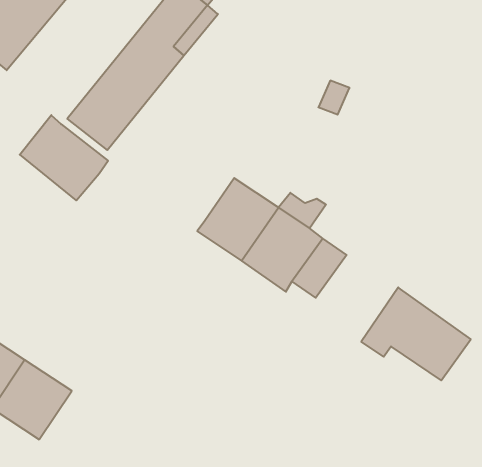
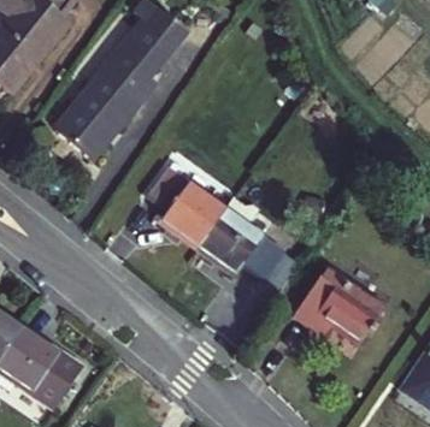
building: [20,115,108,200] -> none
building: none -> [146,162,193,213]
building: none -> [34,351,82,405]

